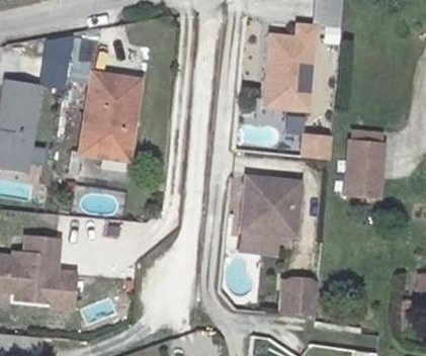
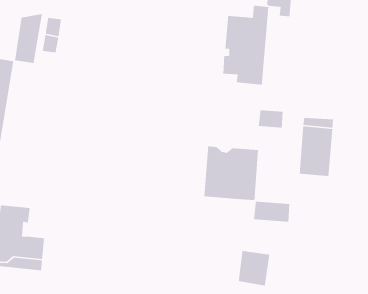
building: [80,73,140,159] -> none
building: [242,230,281,253] -> [253,201,290,223]

